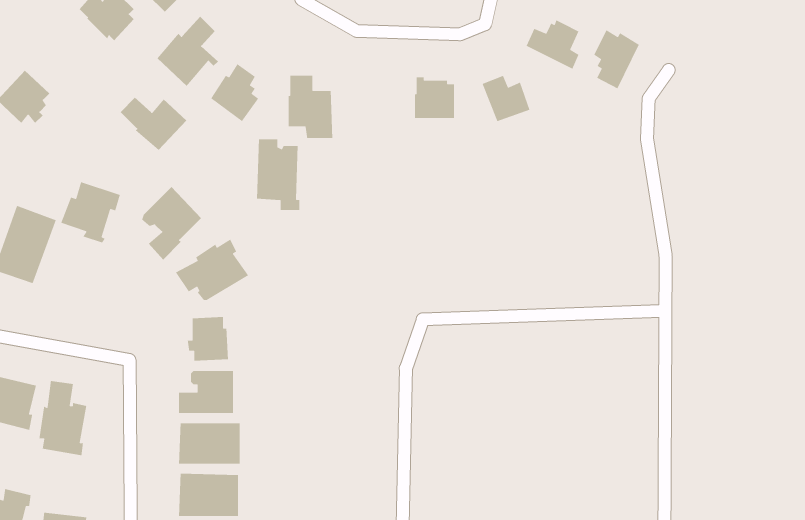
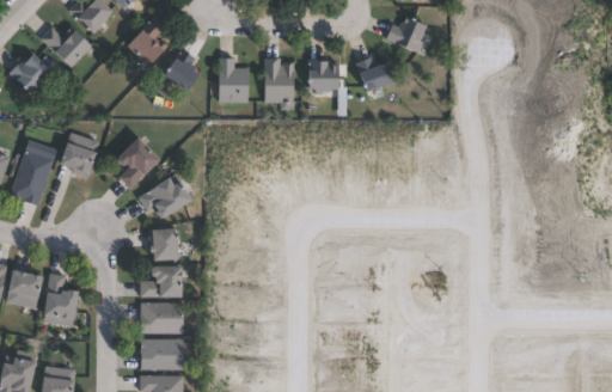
building: [593,29,640,89] -> none
building: [120,97,187,151] -> [42,26,90,65]
building: [256,138,300,211] -> [265,57,296,109]

